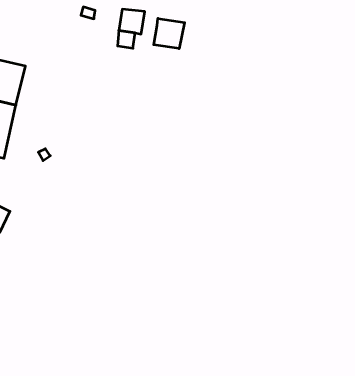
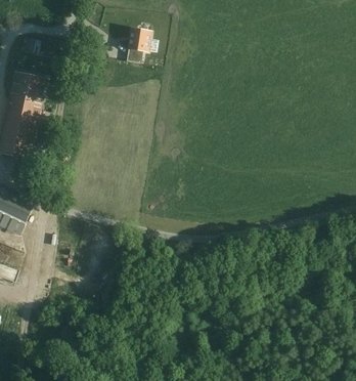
building: [154,18,185,49] -> none

